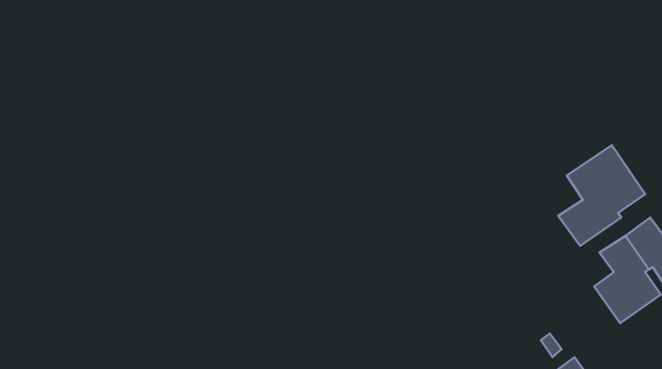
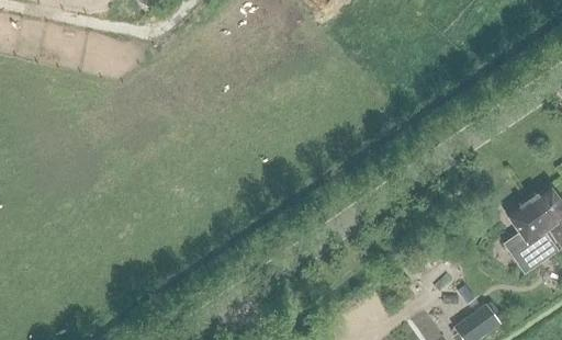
building: [558,145,645,246] -> none

